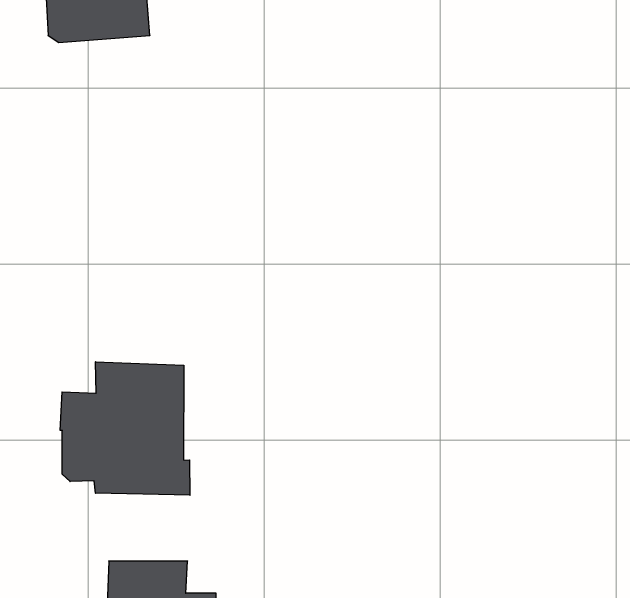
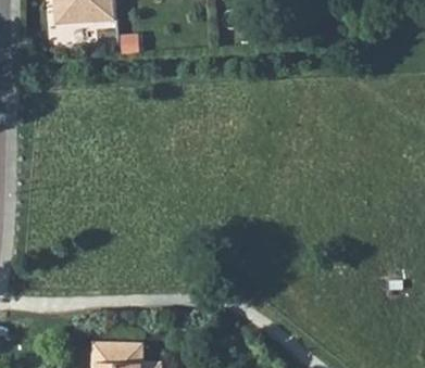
building: [60,362,190,495] -> none

